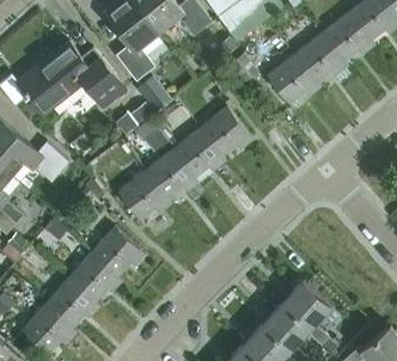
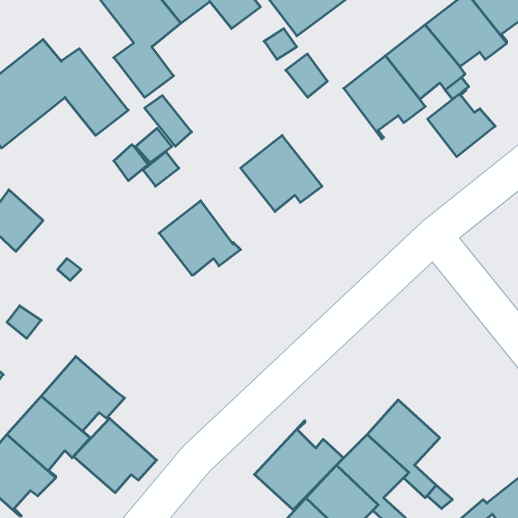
building: none -> [428,90,495,157]
building: [172,128,225,178] -> none
building: [117,171,171,225] -> none
building: [90,227,145,276] -> [73,418,157,493]
building: none -> [254,421,344,510]

